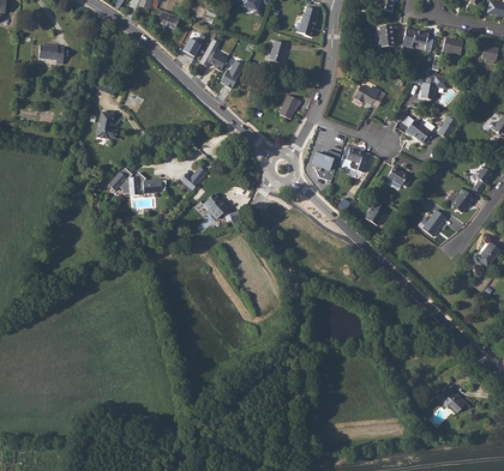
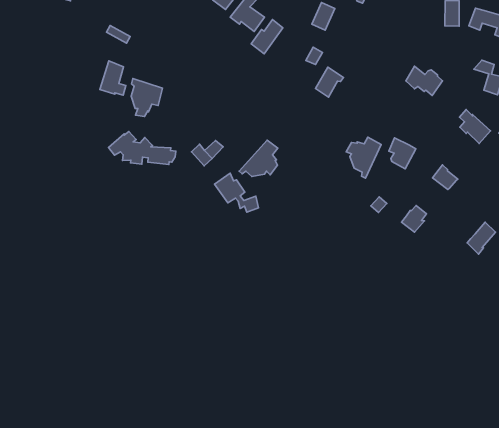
building: none -> [131,79,163,117]
building: none -> [239,140,278,176]

